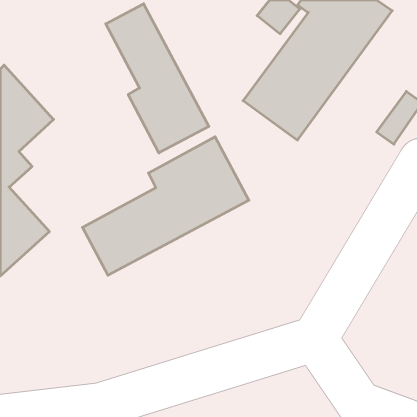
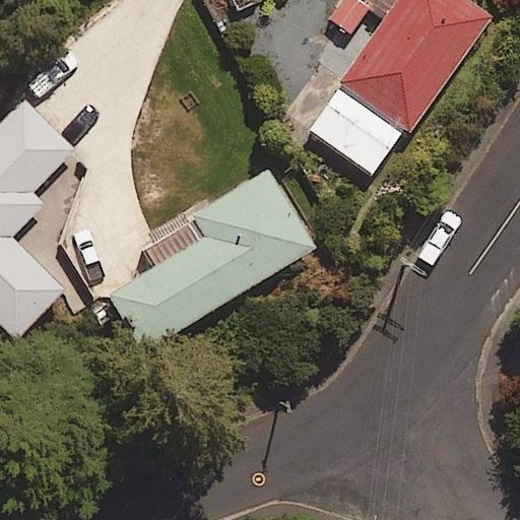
building: [106,4,209,153] -> none

